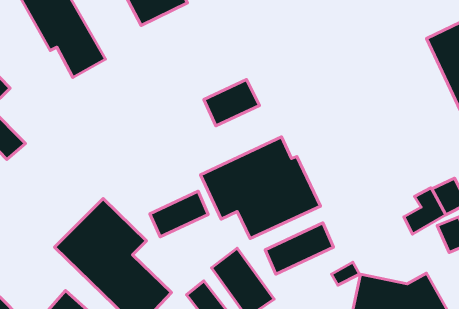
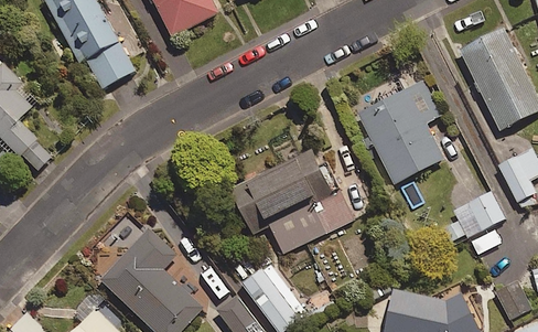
building: none -> [357,79,442,182]
building: [204,79,259,126] -> none
building: [150,191,208,237] -> none
building: [265,223,334,274] -> none

